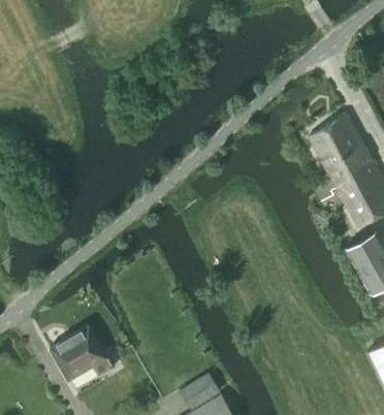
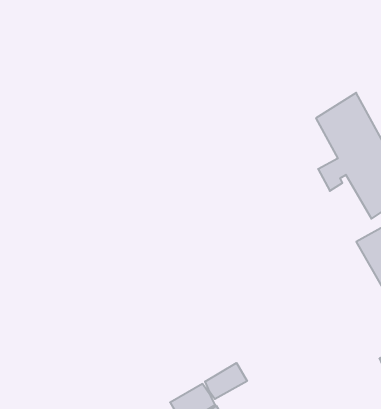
building: [51,325,114,379] -> none
building: none -> [205,363,247,399]

